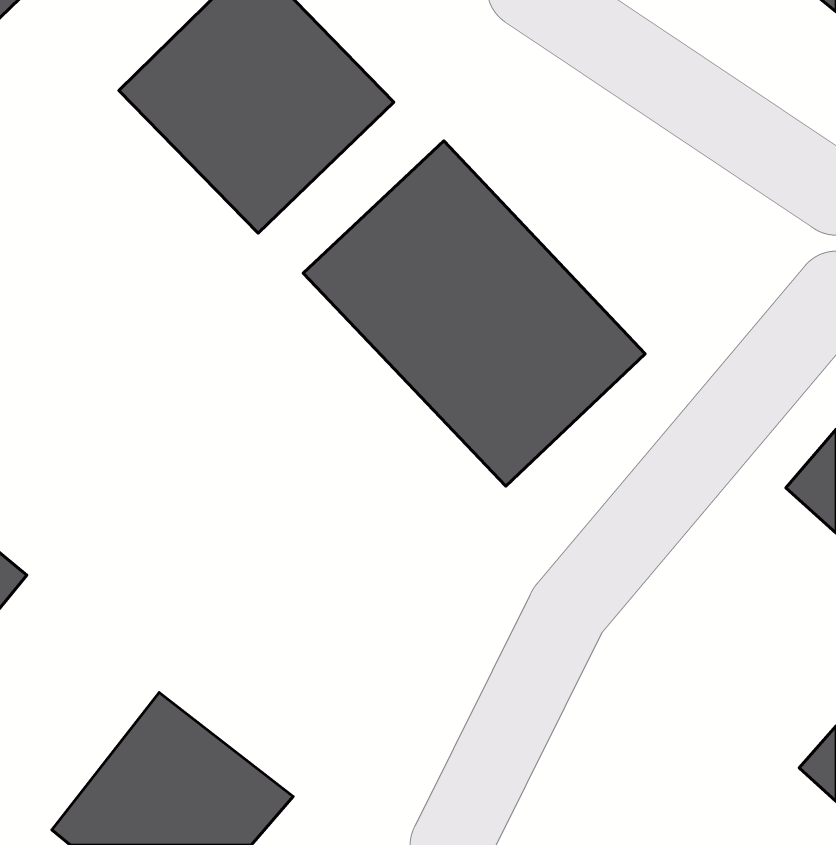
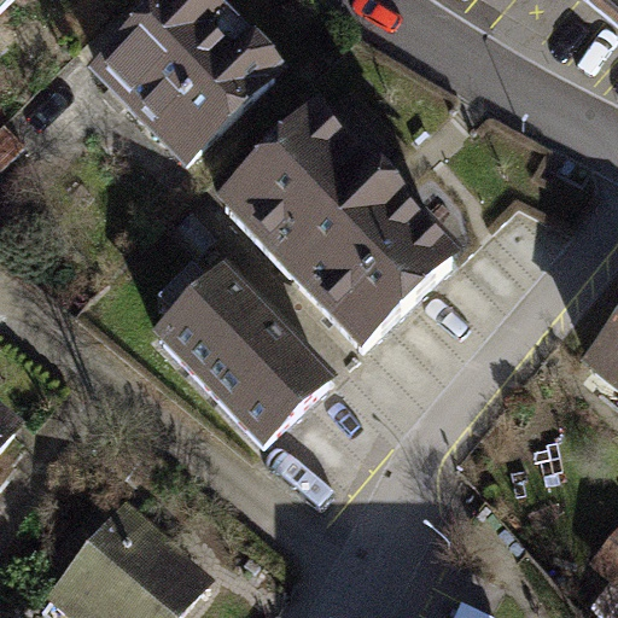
building: none -> [151,260,331,444]

